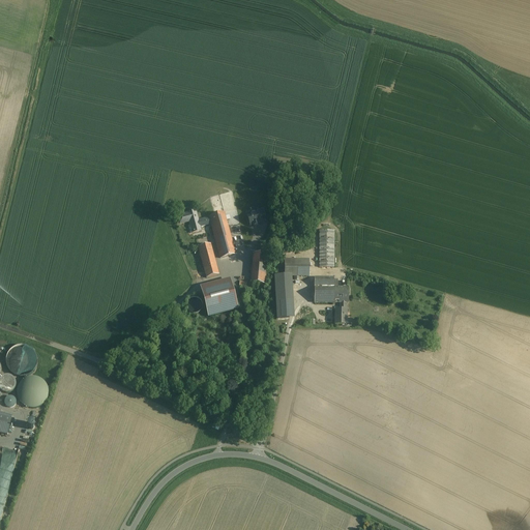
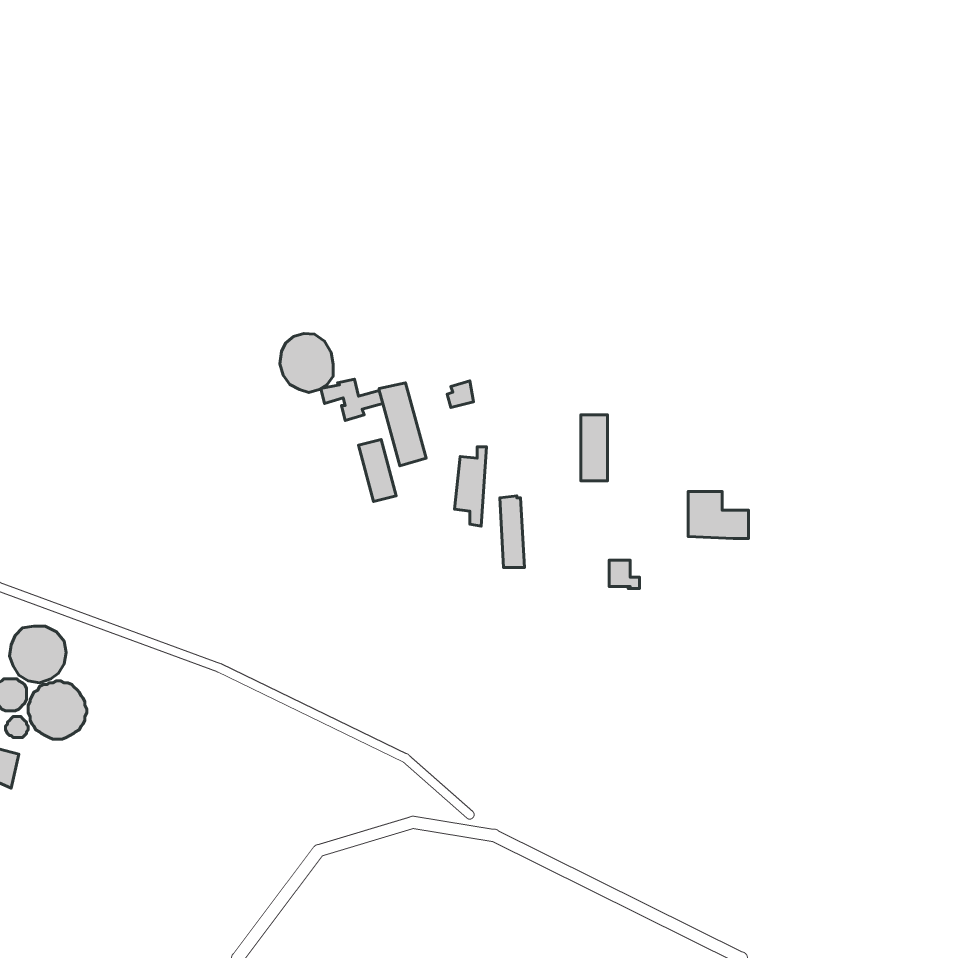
building: none -> [280,333,333,393]
building: [283,255,308,273] -> none
building: [314,274,347,300] -> [688,491,749,539]
building: [200,279,236,314] -> none

